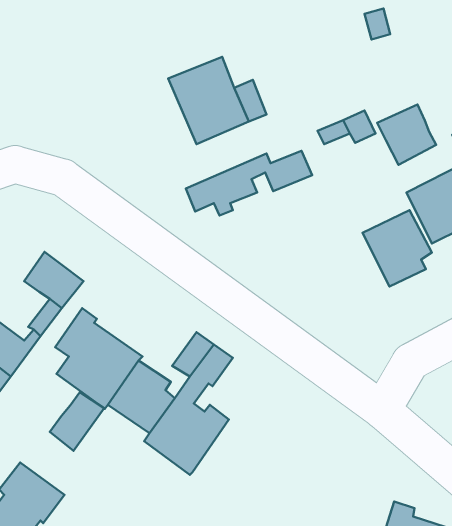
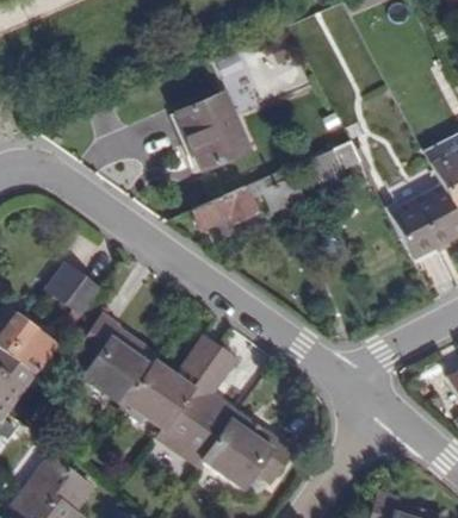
building: [377,105,436,165] -> none
building: [363,210,432,286] -> none
building: [50,392,104,451] -> none
building: none -> [199,413,290,489]

